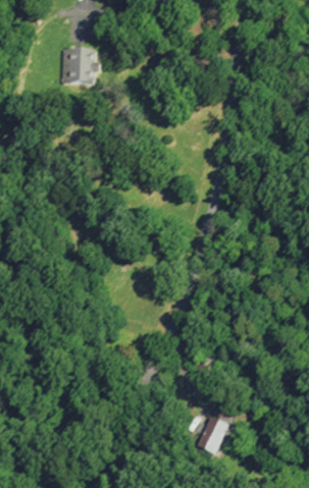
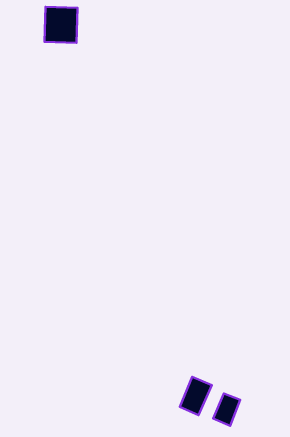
building: none -> [213,393,240,426]

